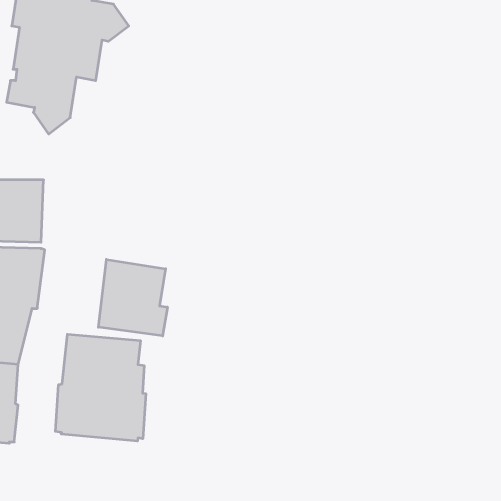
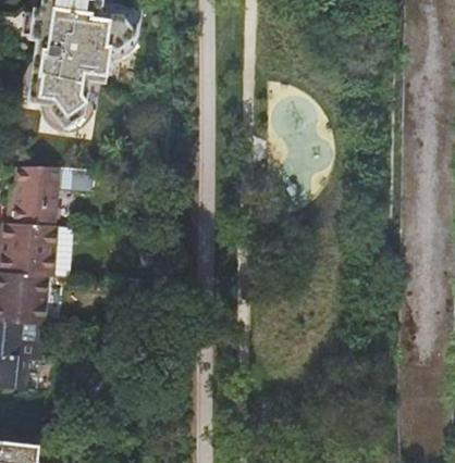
building: [98,259,167,336] -> none
building: [55,334,146,441] -> none

